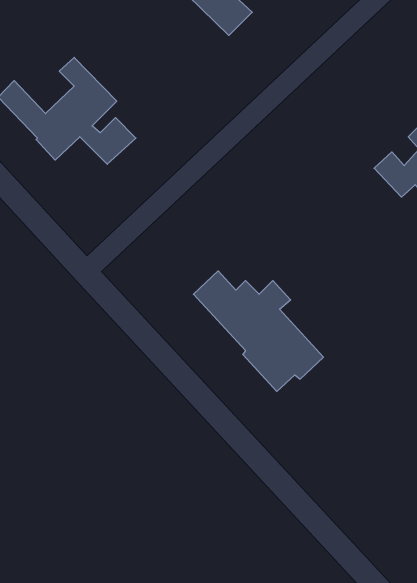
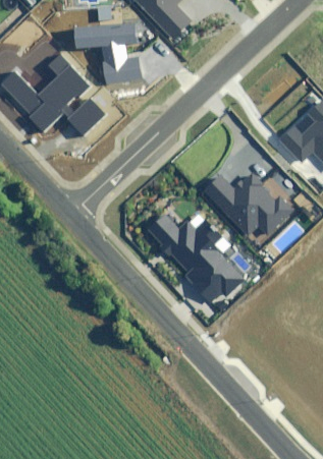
building: none -> [71,22,138,82]
building: none -> [205,174,292,236]

